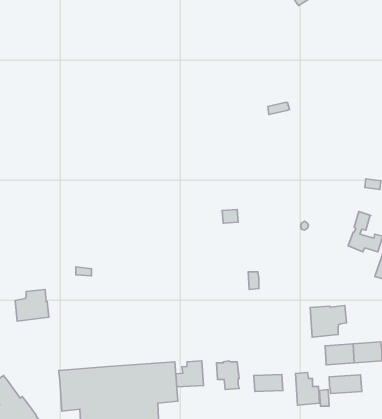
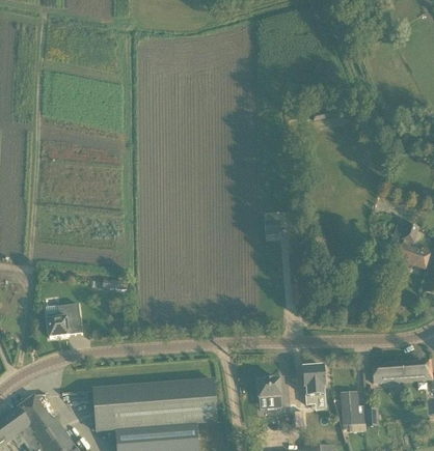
building: [310,306,346,337] -> none
building: none -> [303,367,325,388]
building: [176,361,203,387] -> none
building: [329,375,362,393] -> none

